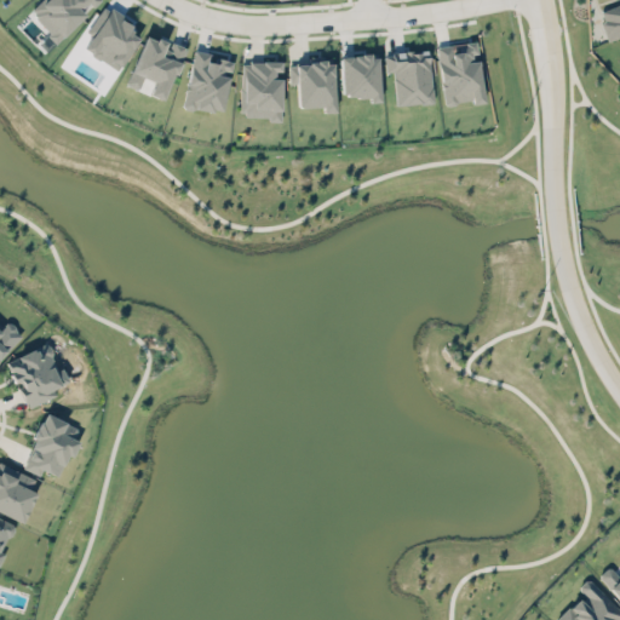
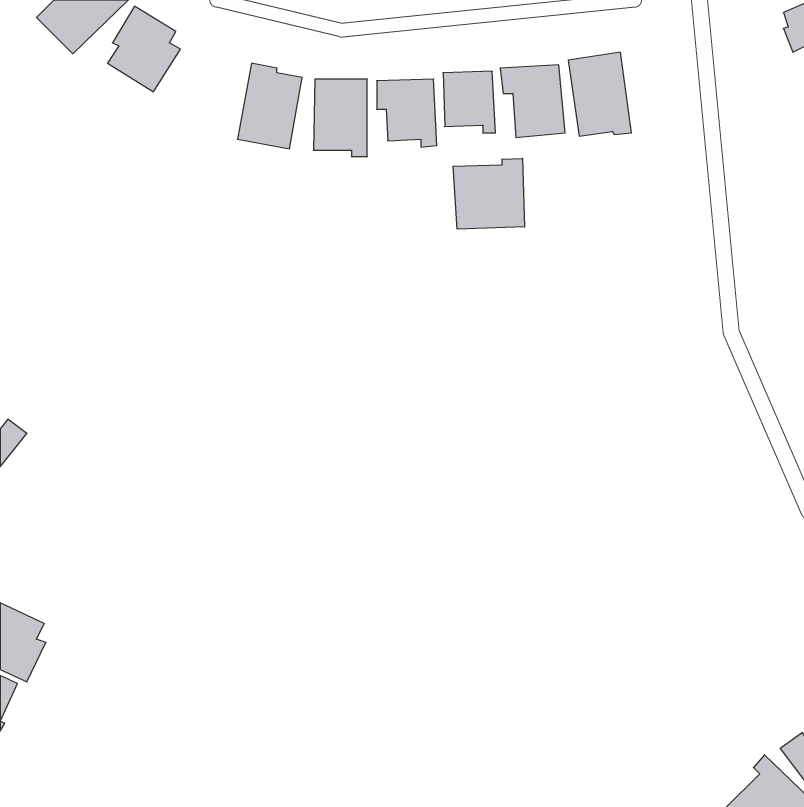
building: [128,35,188,102] -> none
building: none -> [453,158,525,229]
building: [8,344,71,408] -> none
building: [25,414,81,478] -> none

